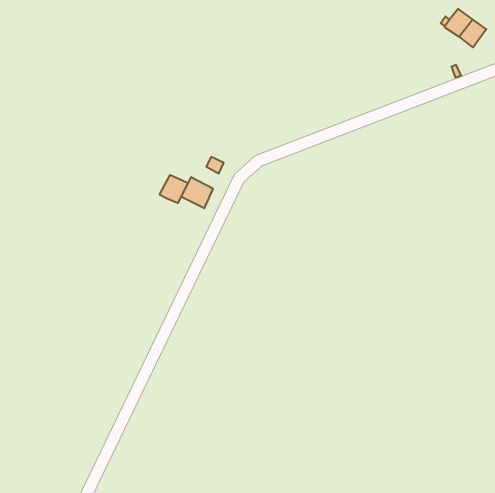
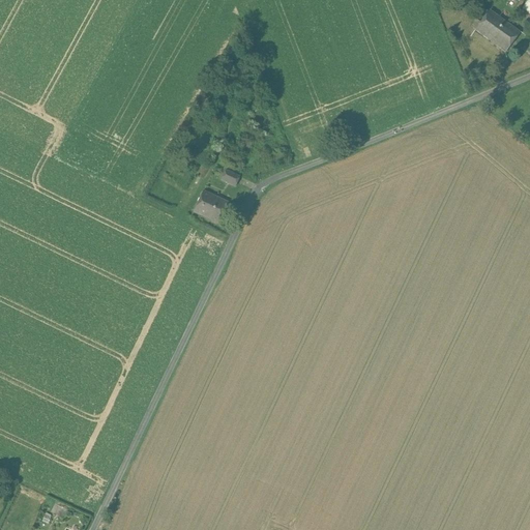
building: [160,175,188,203] -> none

